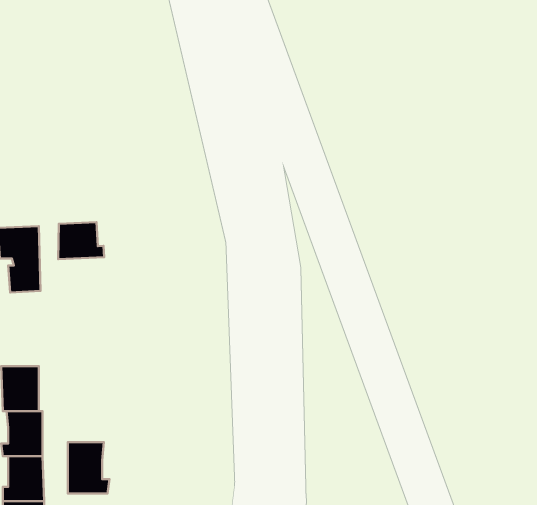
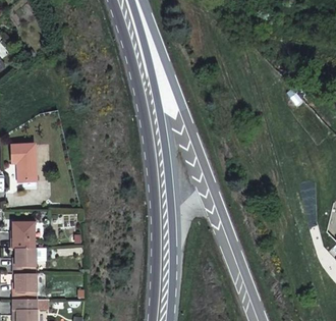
building: [58,222,104,259] -> none
building: [68,442,109,493] -> none

